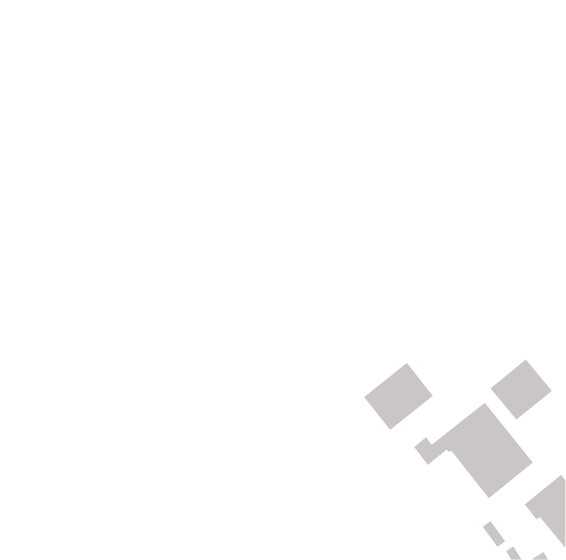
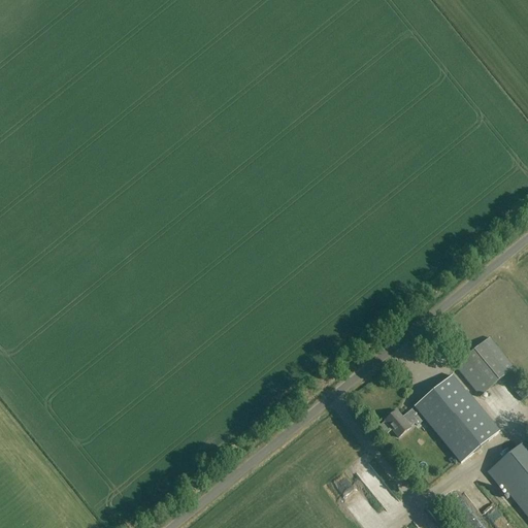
building: [363,362,434,431] -> none

